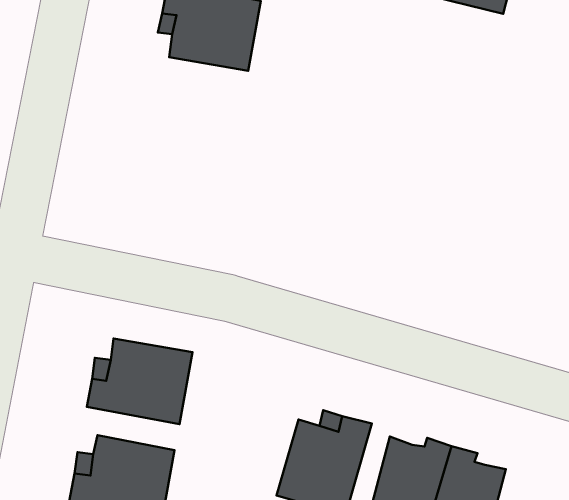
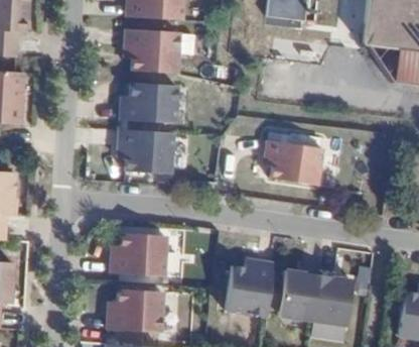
building: none -> [121,83,177,122]
building: none -> [119,130,173,174]
building: none -> [263,140,320,185]

